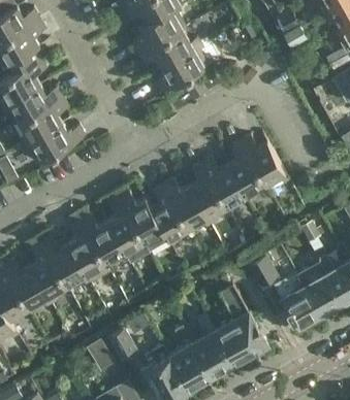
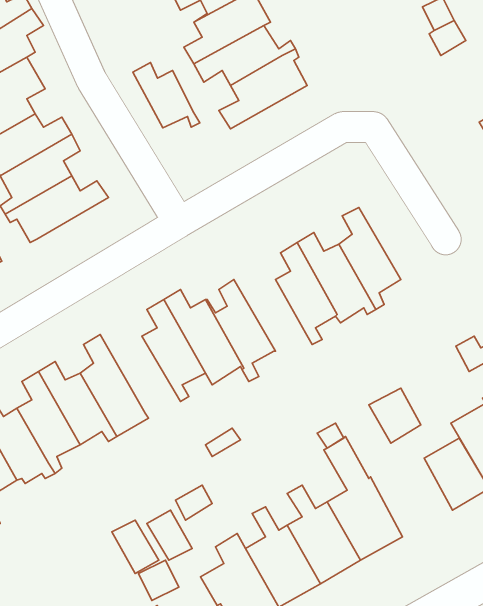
building: none -> [133,63,200,128]
building: [241,138,290,189] -> none
building: [163,182,212,237] -> none
building: [81,218,130,271] -> none

